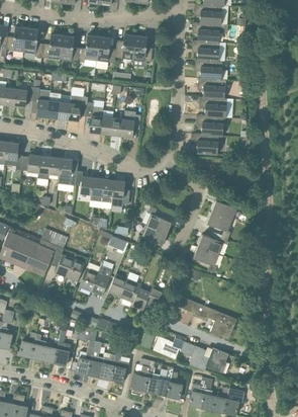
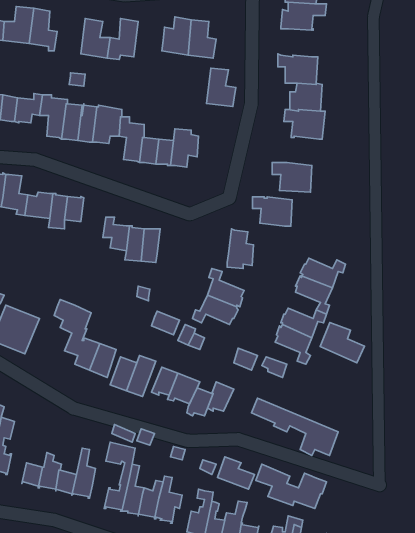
building: [41,33,63,59] -> none
building: [96,36,116,63] -> [206,68,236,107]
building: [192,40,219,61] -> none
building: [196,115,223,136] -> [252,197,292,226]
building: [58,158,77,185] -> none
building: [111,179,129,206] -> [227,229,254,268]
building: [21,239,54,275] -> none
building: none -> [320,322,364,363]

